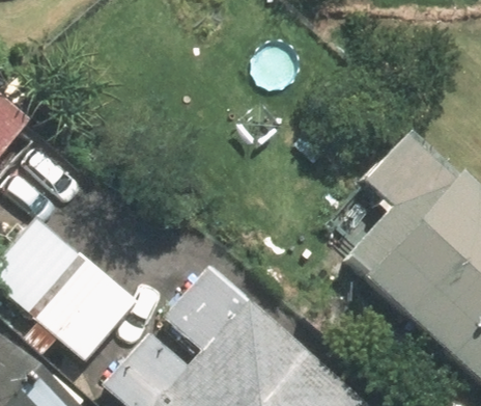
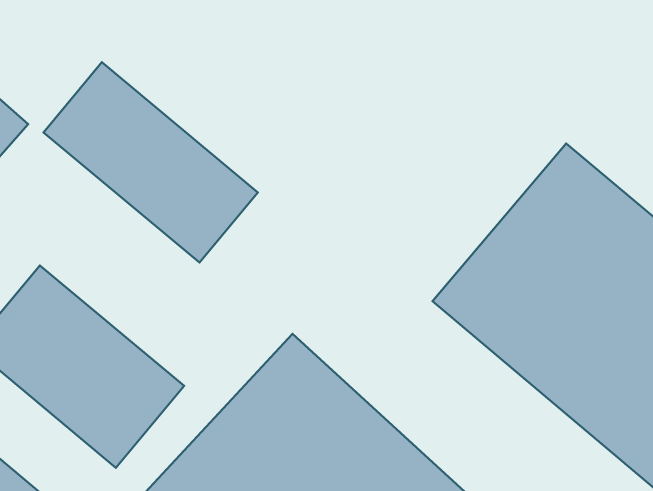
building: none -> [43,62,258,263]

